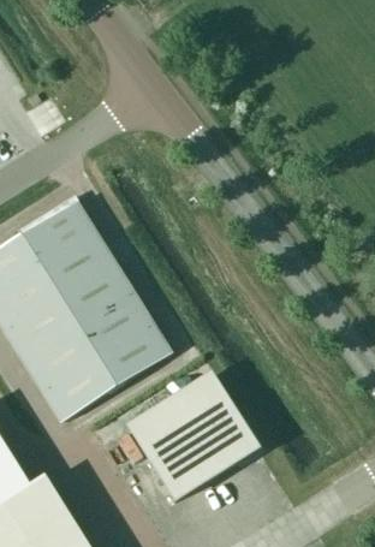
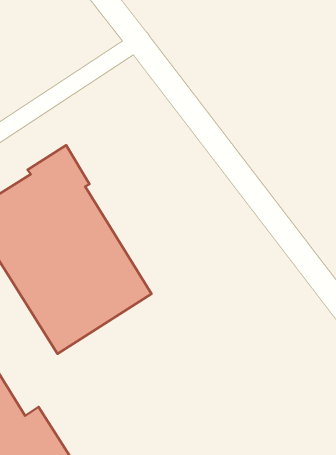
building: [129,373,258,498] -> none

